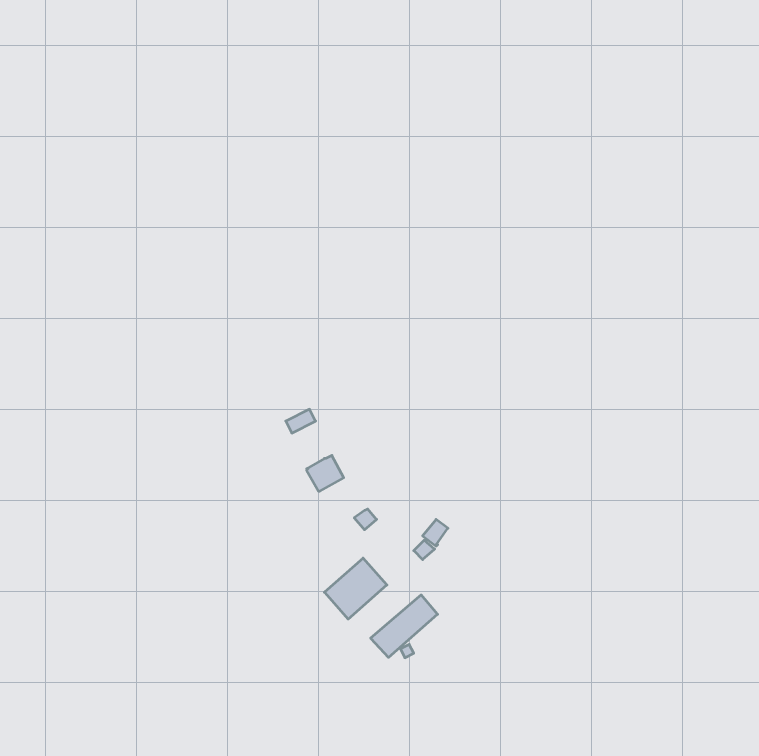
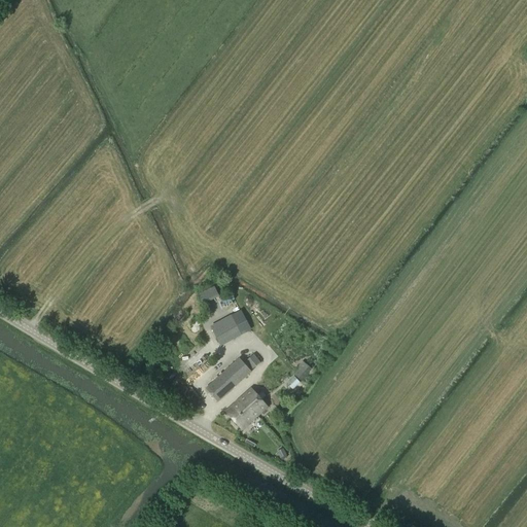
building: [371,595,438,657] -> [206,356,252,399]

